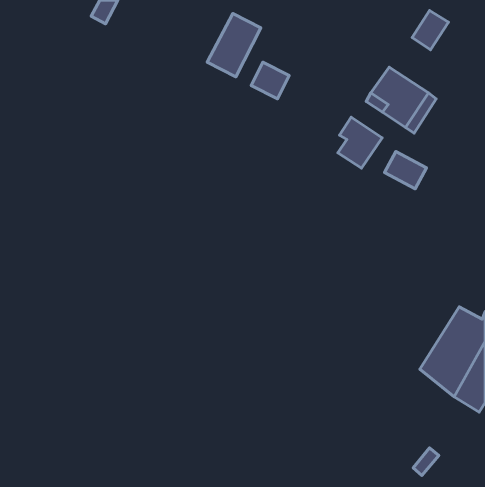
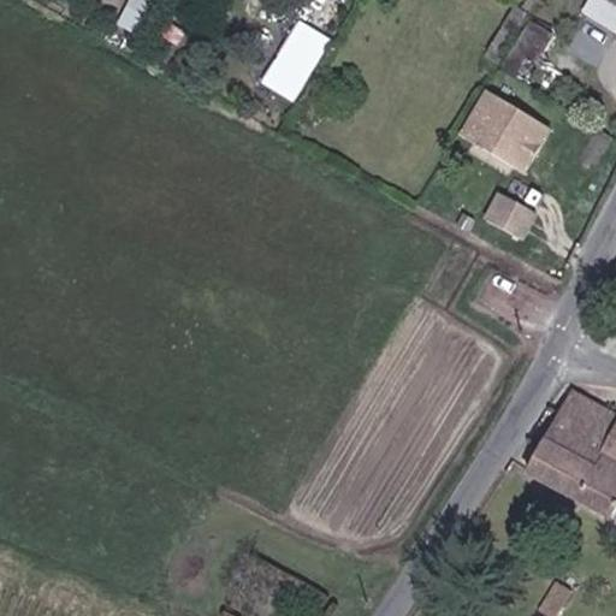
building: [251,62,289,99] -> none
building: [338,117,382,168] -> none

